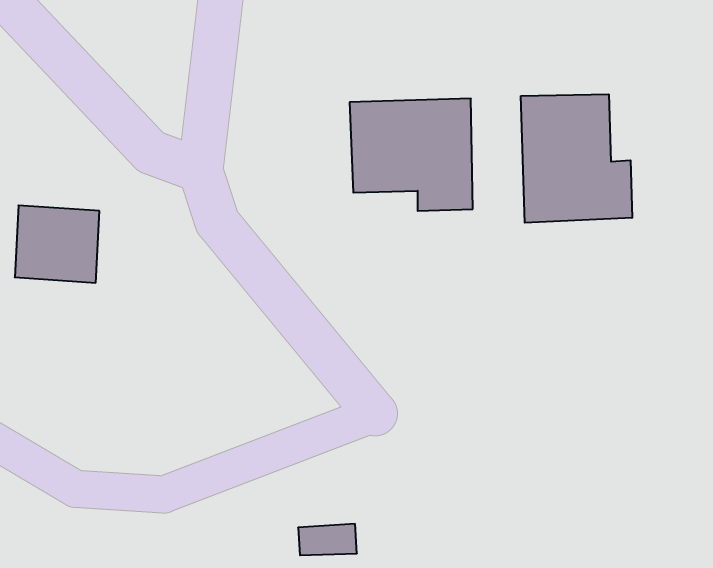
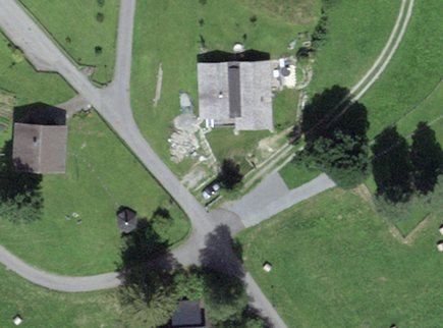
building: [521,94,632,223] -> none

